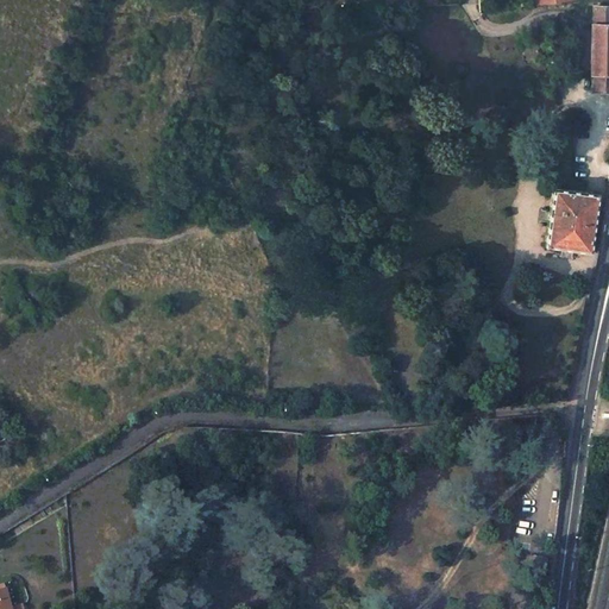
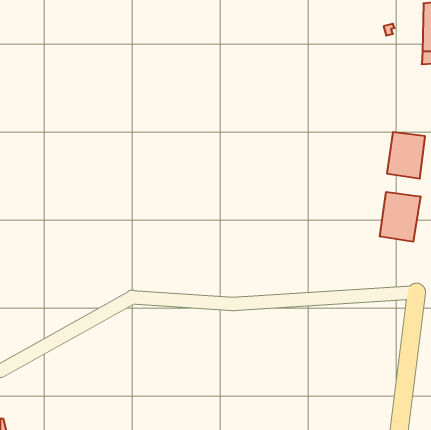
building: none -> [380,192,421,242]

